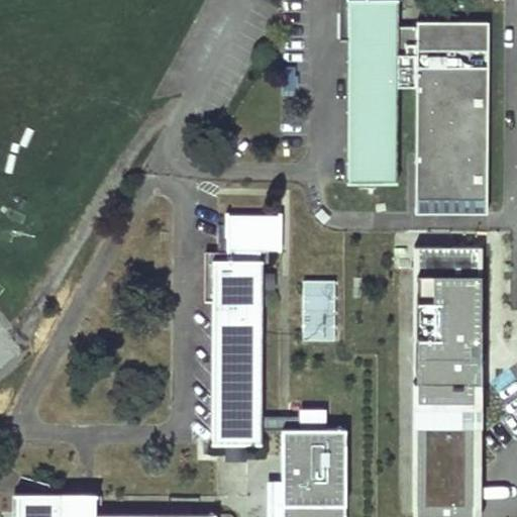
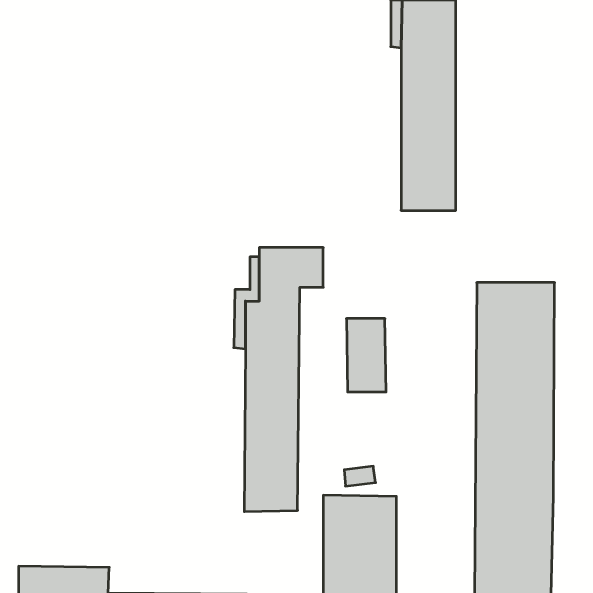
building: [397,22,490,213] -> none

